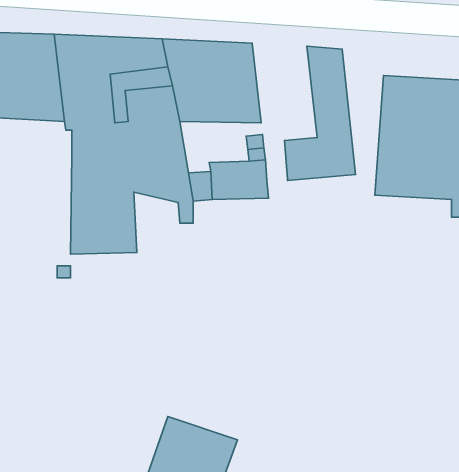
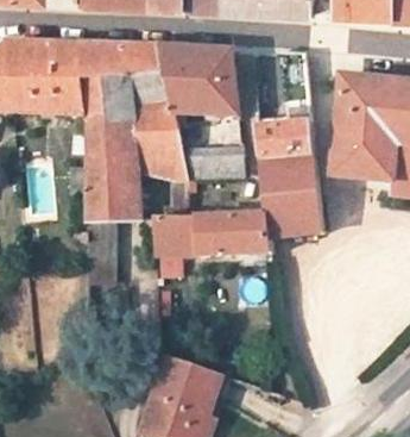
building: none -> [153,161,323,257]

